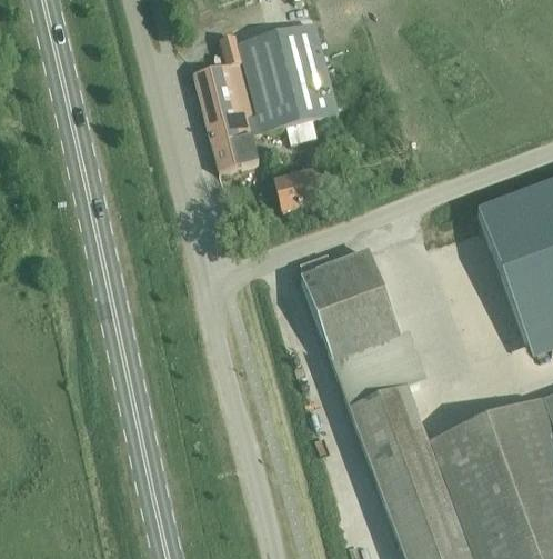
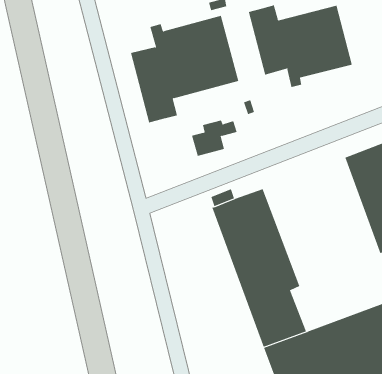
building: none -> [248,5,352,88]

